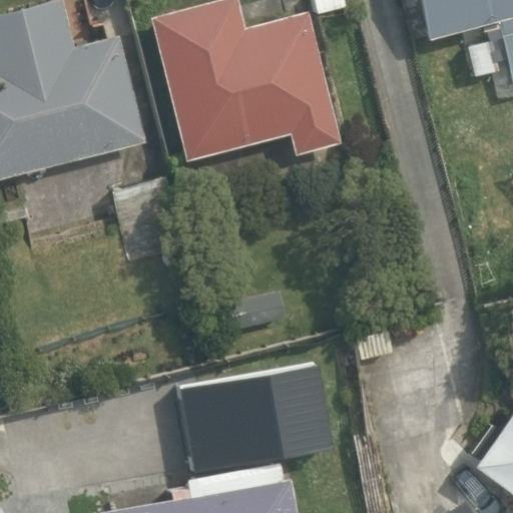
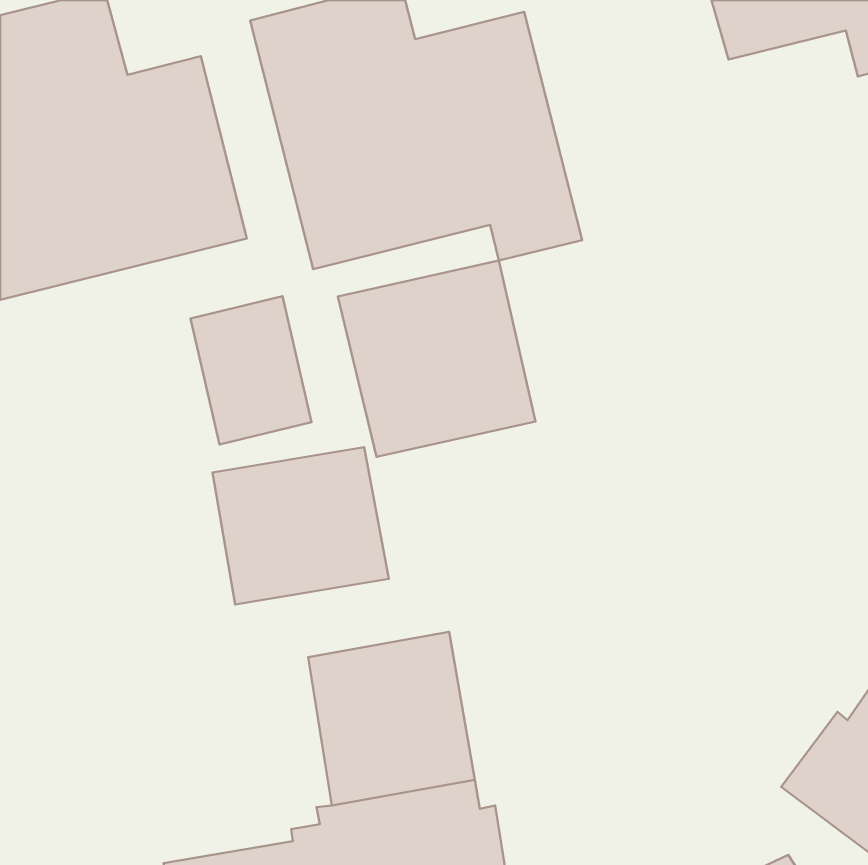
building: none -> [338,261,536,457]
building: none -> [213,447,389,604]

